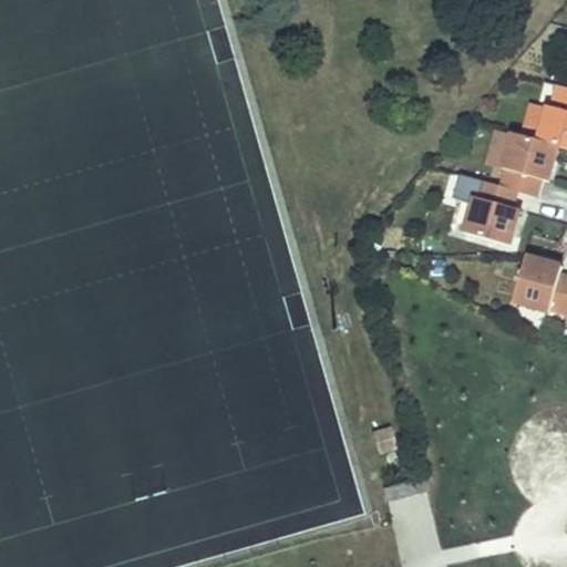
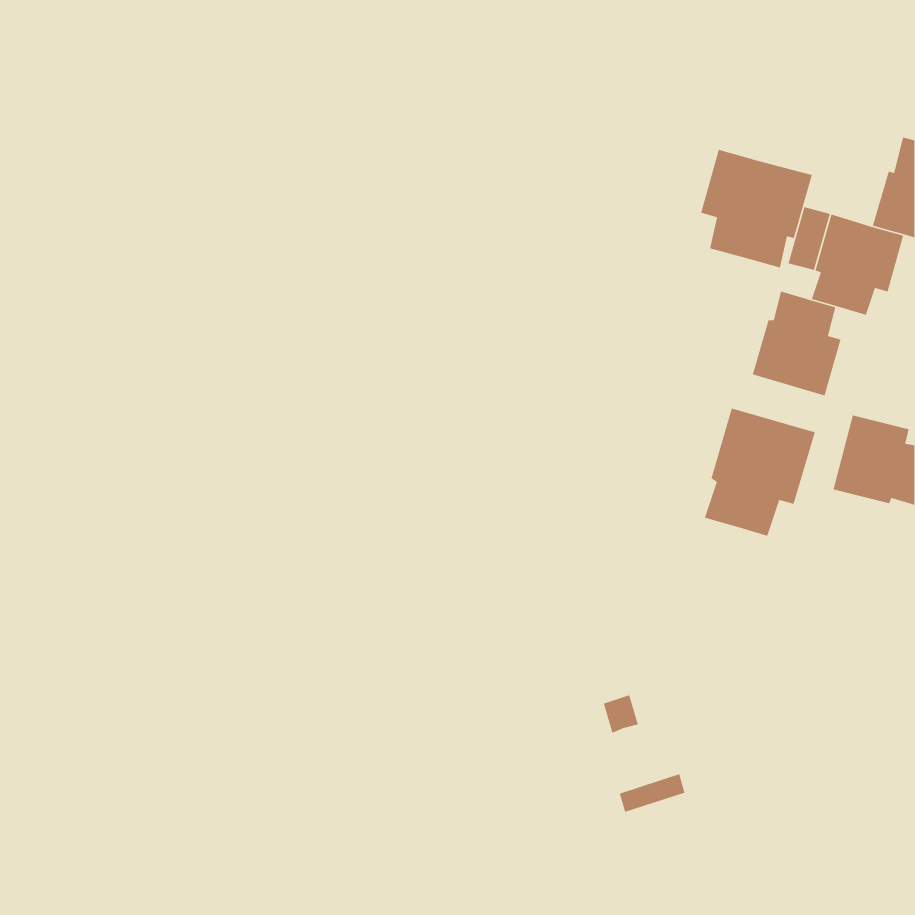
building: none -> [700,149,813,268]
building: none -> [704,407,816,537]

